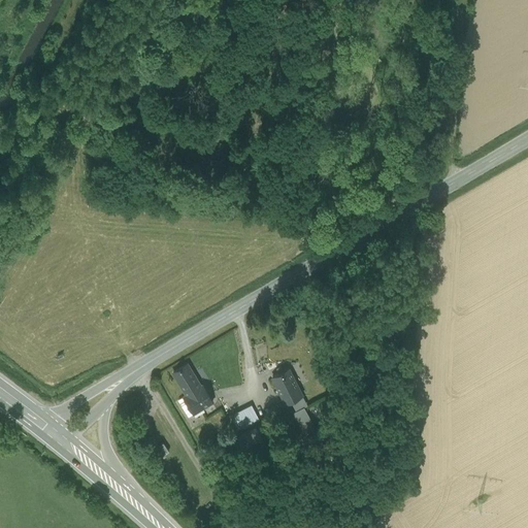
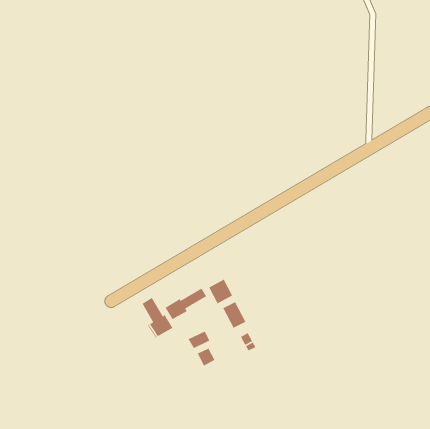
building: none -> [208,279,233,304]
building: none -> [164,287,207,320]

